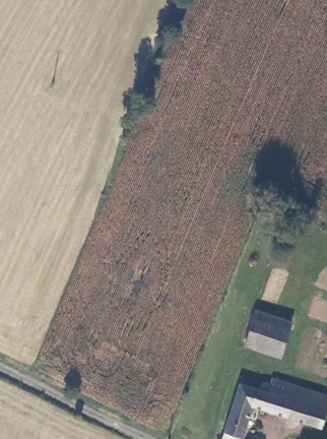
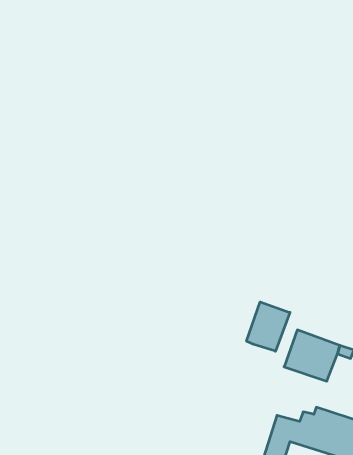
building: none -> [247,302,290,351]

